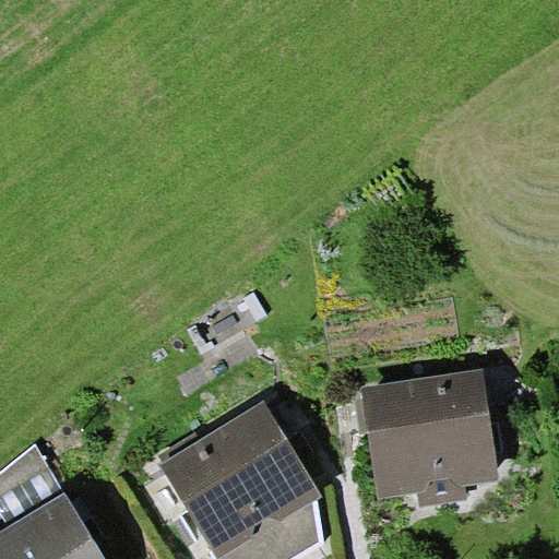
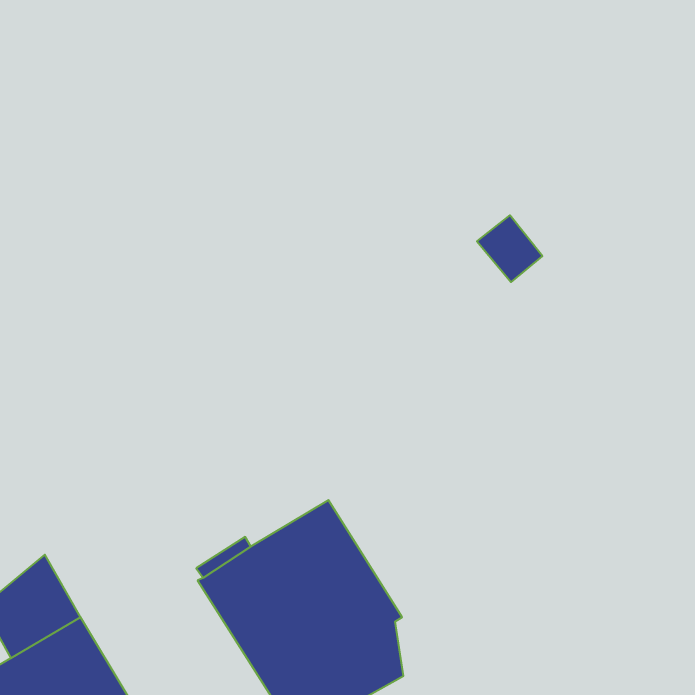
building: [361,369,498,509] -> none

